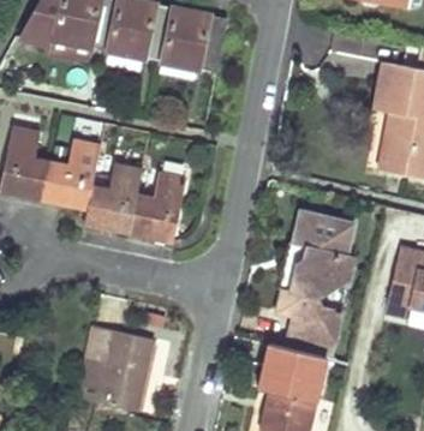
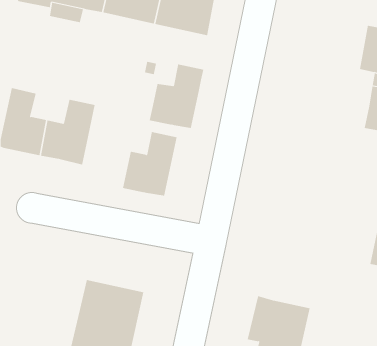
building: [84,164,142,232] -> [149,64,204,128]
building: [277,212,354,357] -> none

